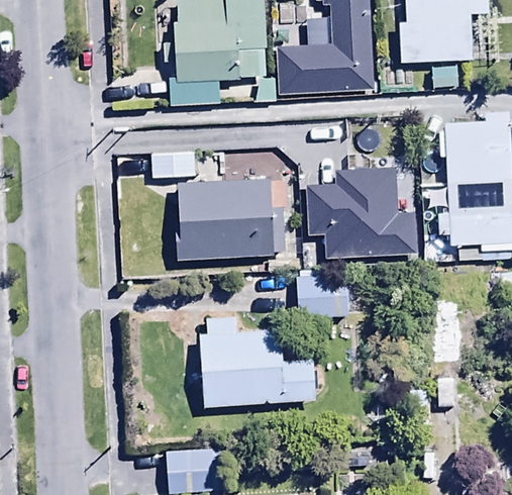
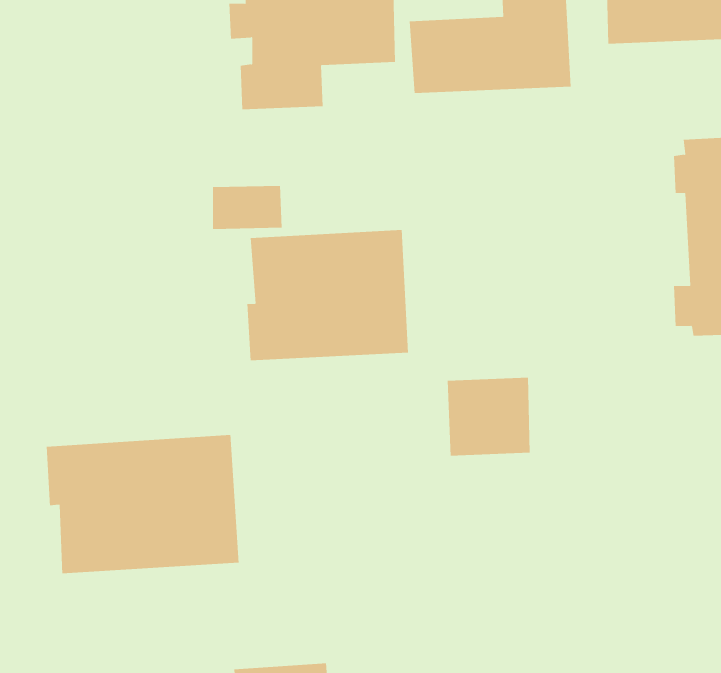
building: [307,159,414,258] -> none
building: none -> [46,434,239,574]
building: [201,316,318,408] -> none

